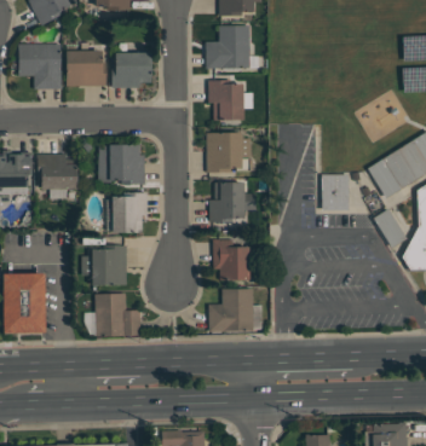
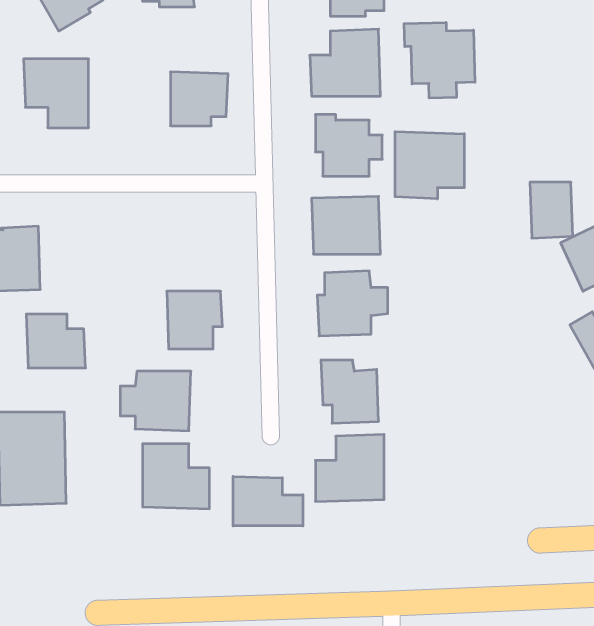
building: none -> [404,22,475,98]
building: [65,50,104,86] -> none
building: none -> [395,132,464,199]
building: [98,144,144,183] -> none
building: [39,154,77,189] -> [26,314,86,368]
building: [321,174,349,210] -> [530,182,573,238]
building: none -> [233,476,303,526]

